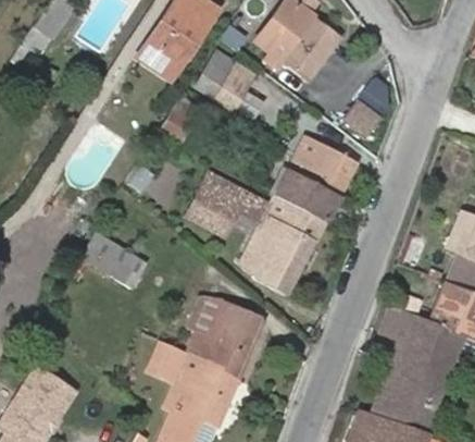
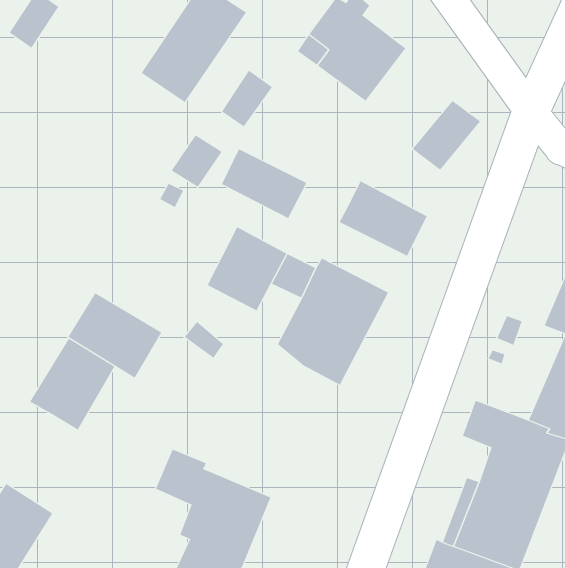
building: [274,170,339,223] -> [221,148,307,219]
building: none -> [29,338,115,431]
building: [185,298,261,379] -> none

